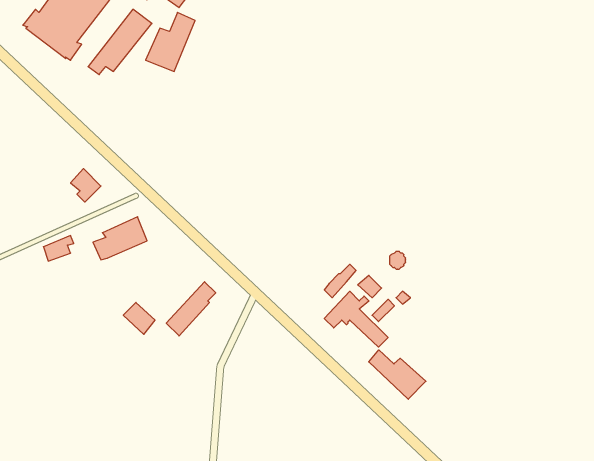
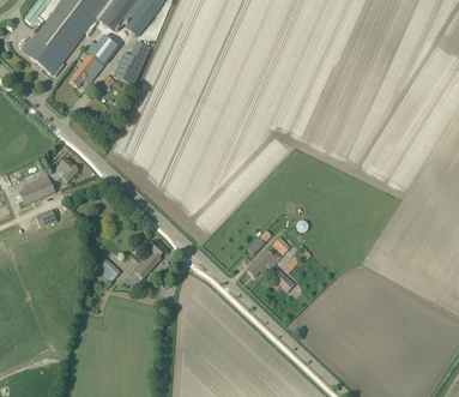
building: [93,217,147,260] -> [14,173,55,205]
building: [369,350,426,399] -> none

